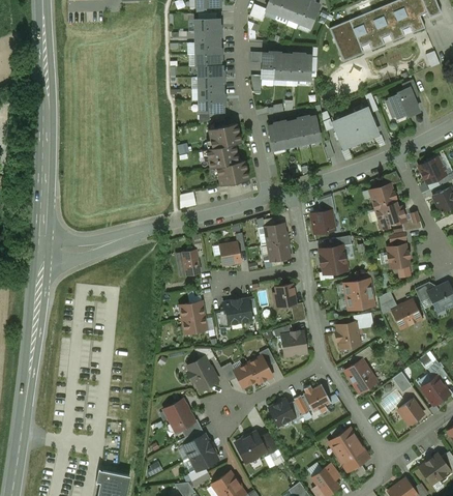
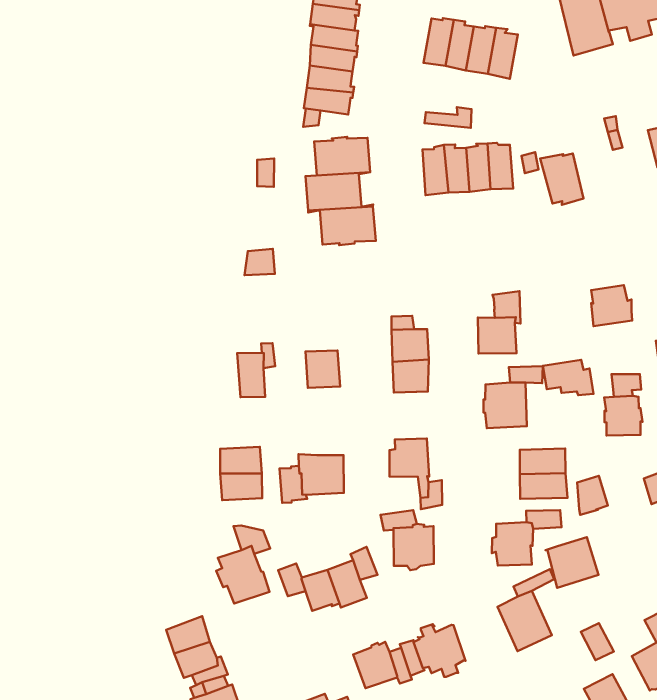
building: [351,108,376,140] -> none
building: [375,203,405,223] -> [543,360,593,395]
building: [391,299,422,329] -> [546,537,599,588]

